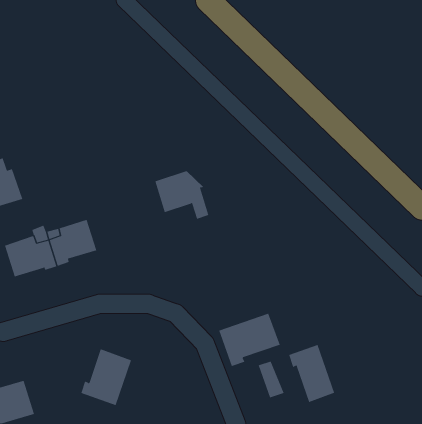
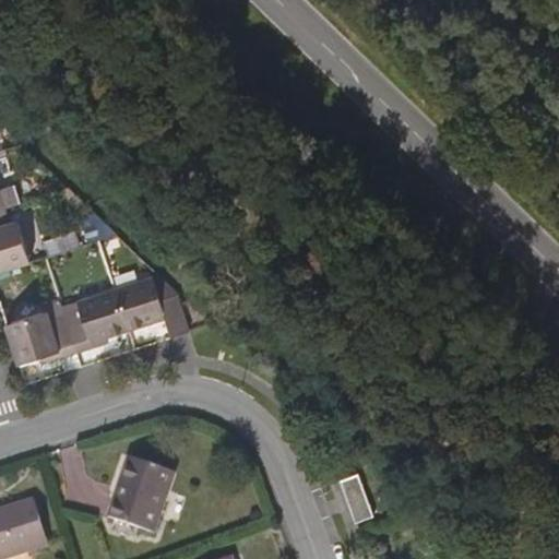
building: [154,171,209,219] -> [115,274,187,338]
building: [219,313,281,367] -> none
building: [288,344,335,403] -> none

